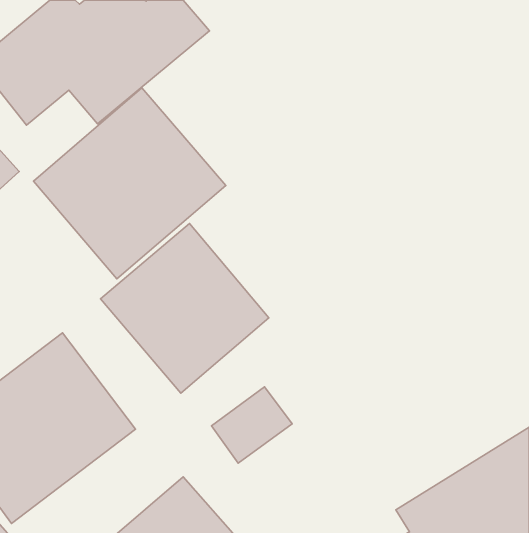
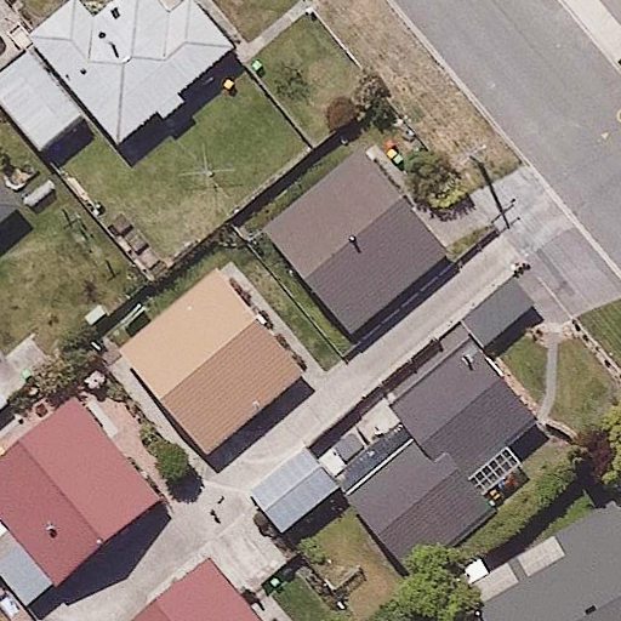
building: [34,88,226,279] -> none
building: none -> [257,139,454,335]
building: none -> [343,331,537,587]

